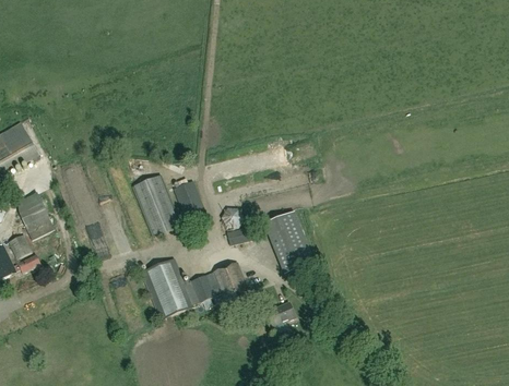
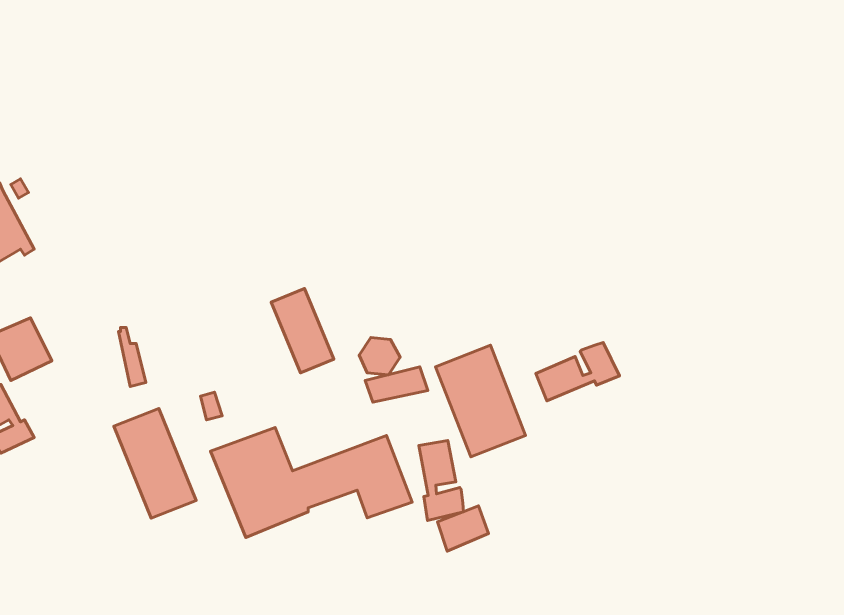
building: [133,176,179,237] -> [114,409,196,518]
building: none -> [536,342,620,401]
building: none -> [419,440,464,521]

